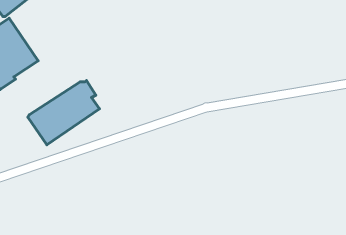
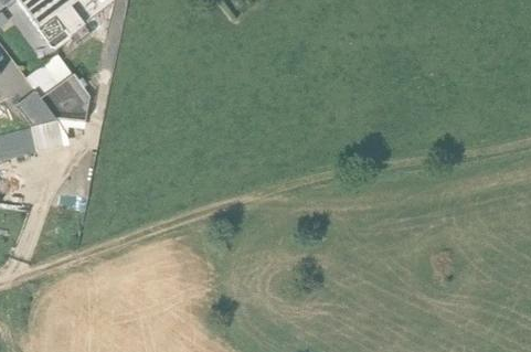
building: [28,80,99,145] -> none

